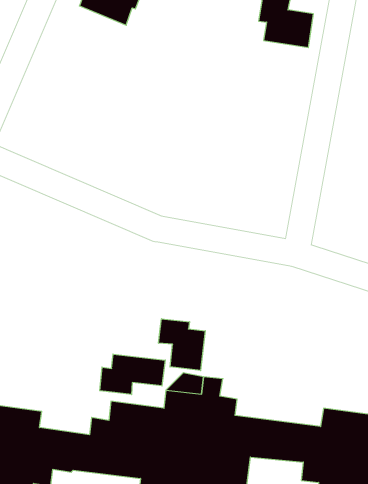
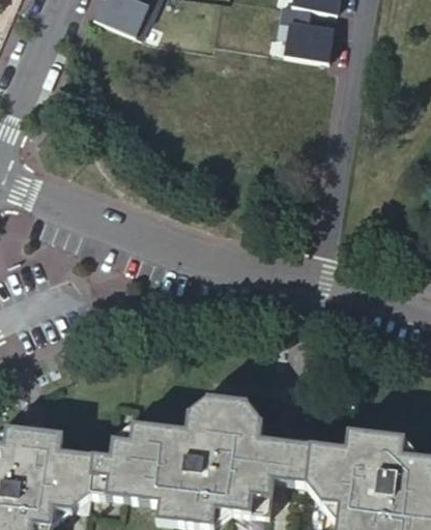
building: [159,319,205,371] -> none
building: [100,354,165,395] -> none

